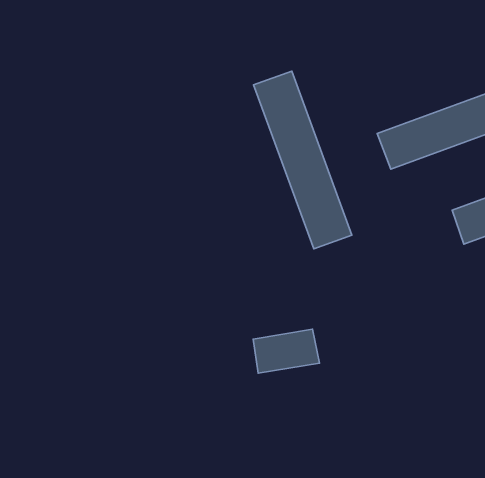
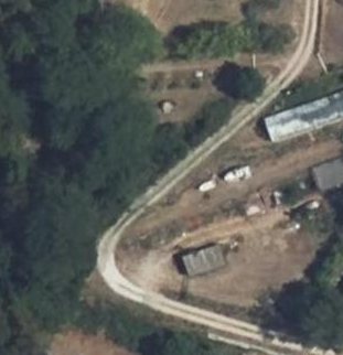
building: [254,71,352,249] -> none

